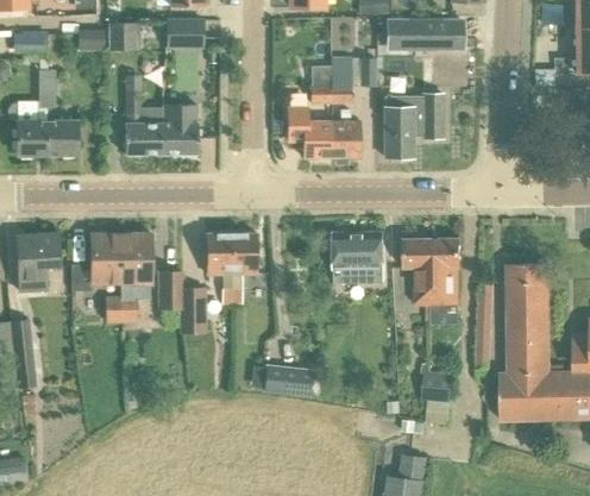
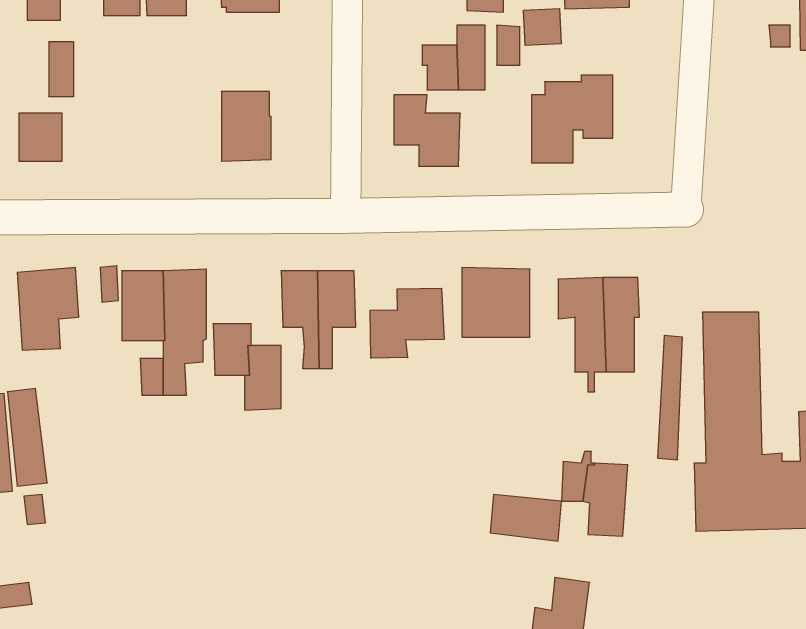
building: [126,75,163,155] -> none
building: [333,109,360,163] -> none
building: [49,120,79,155] -> none
building: none -> [370,288,444,358]
building: [263,364,314,397] -> [490,495,561,541]

